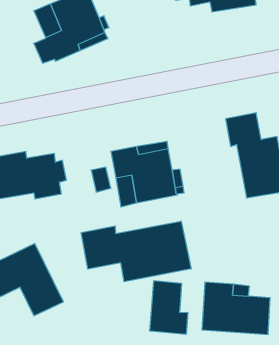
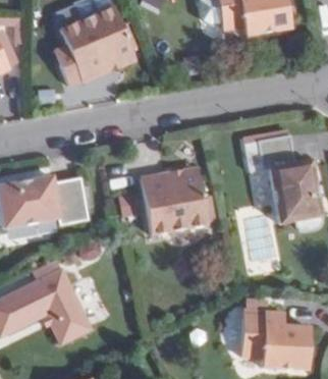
building: [81,221,191,282] -> none
building: [150,281,188,334] -> none

